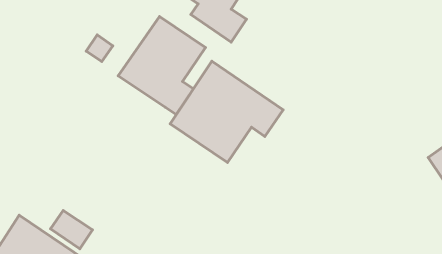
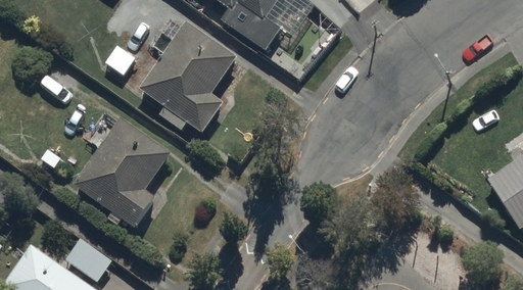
building: [170,61,283,163] -> none
building: none -> [74,117,171,227]

